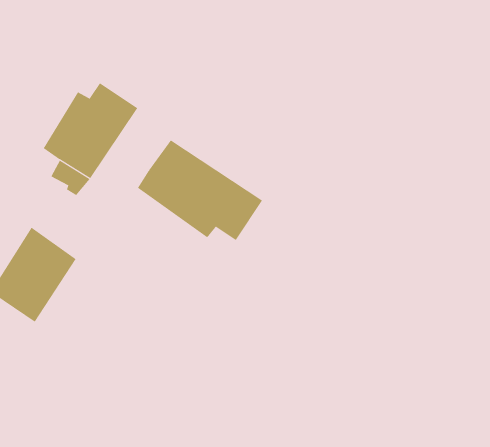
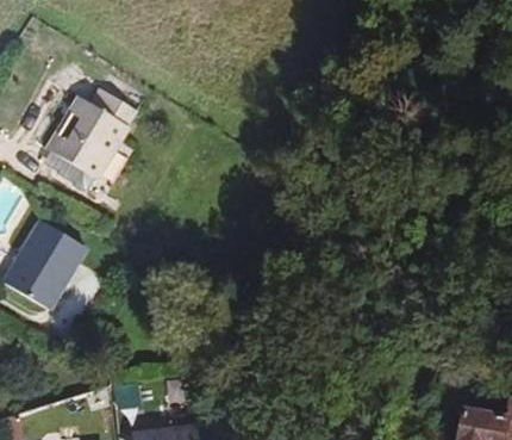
building: [137,139,263,241] -> none

